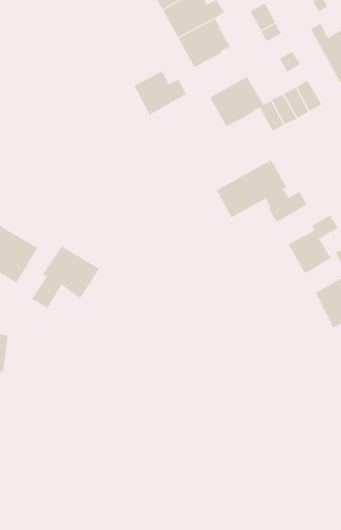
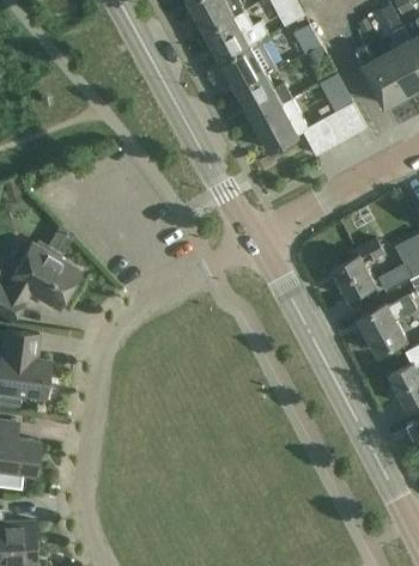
building: [134,71,187,116] -> [237,77,291,122]
building: [216,159,308,223] -> none
building: [31,246,100,308] -> none

